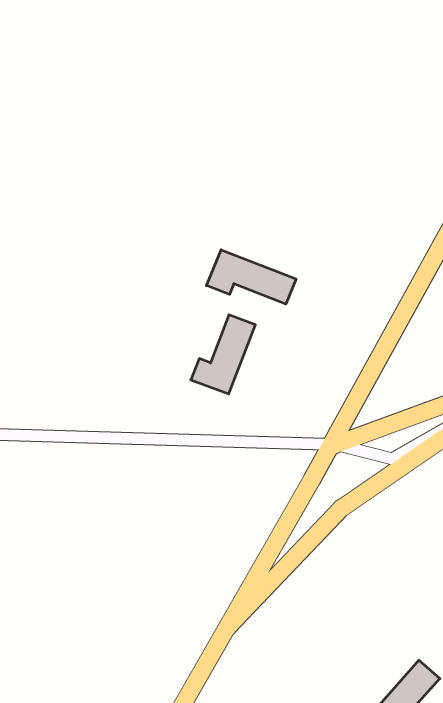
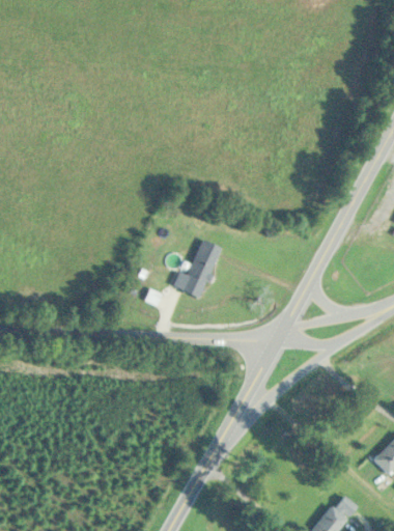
building: [206,250,296,304] -> none

